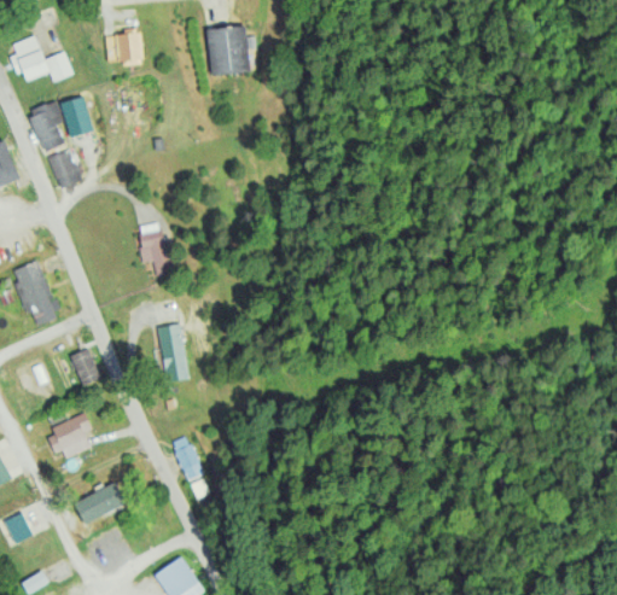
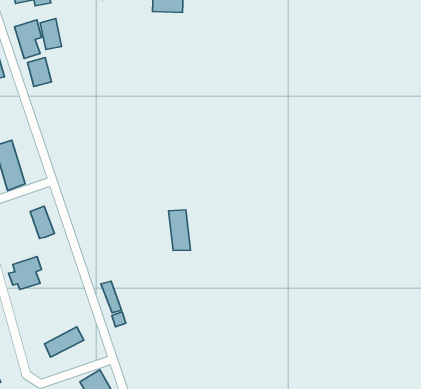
building: [142,233,169,276] -> none
building: [153,326,187,381] -> [169,210,191,250]
building: [74,478,126,521] -> [44,327,84,357]

